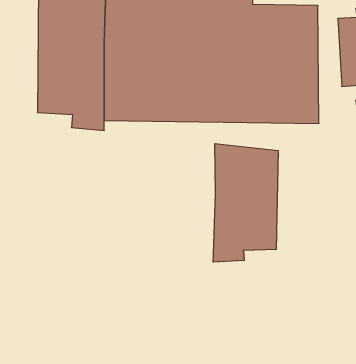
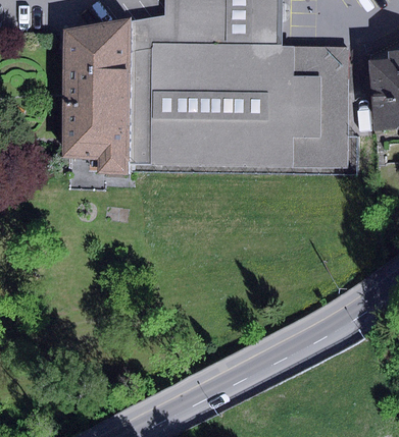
building: [213,144,278,262] -> none

